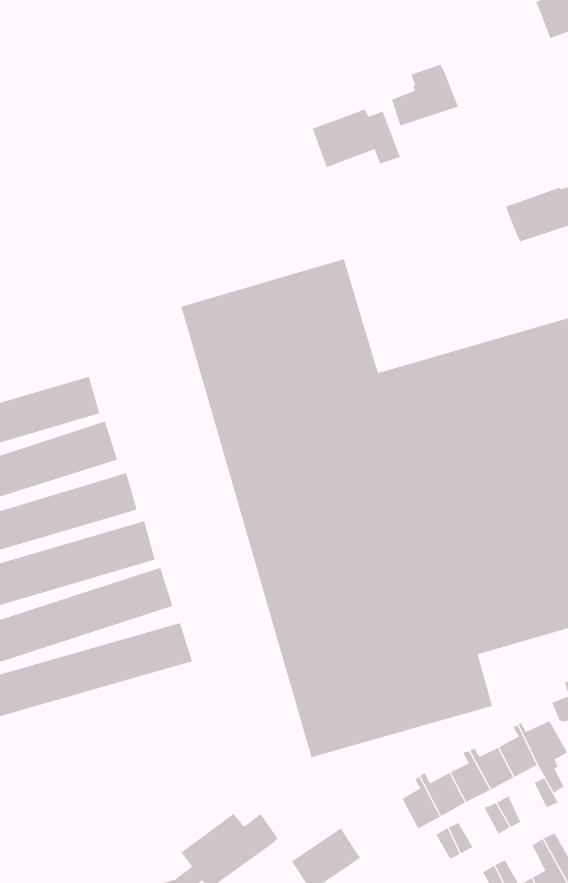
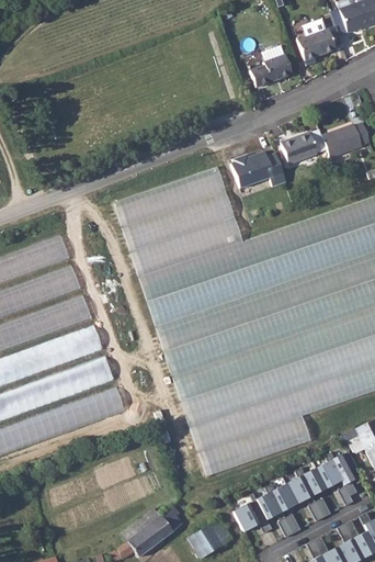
building: none -> [296,27,336,65]
building: [312,109,401,168] -> [230,150,285,187]
building: none -> [281,131,326,162]
building: none -> [234,493,272,532]

